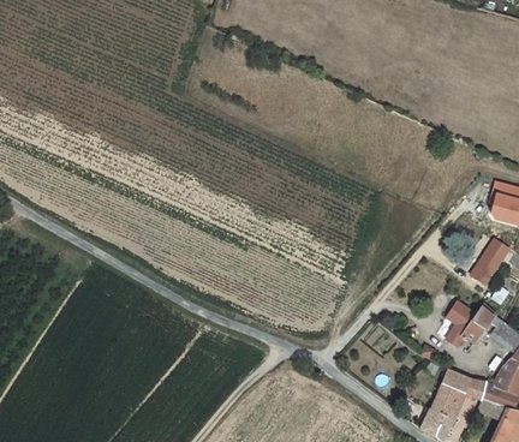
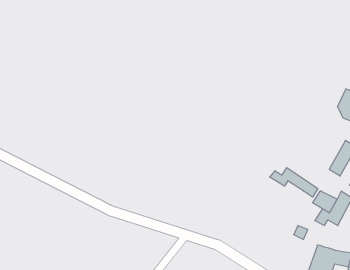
building: none -> [270,168,318,197]

